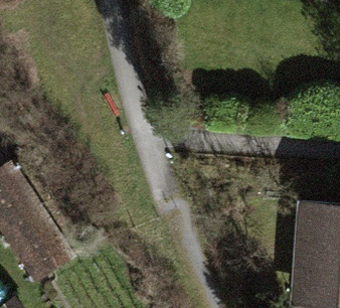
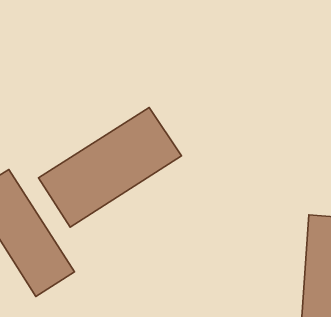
building: none -> [38,107,181,227]

